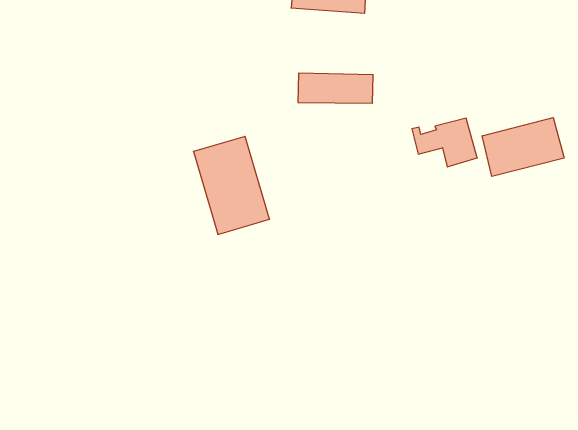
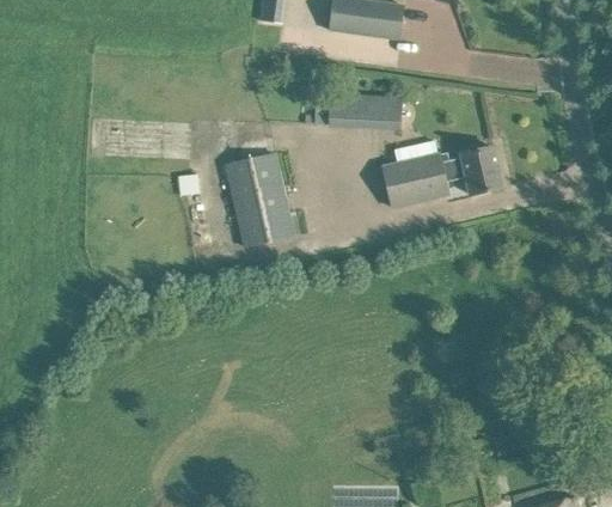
building: [482,118,564,176] -> none
building: none -> [380,154,447,207]

